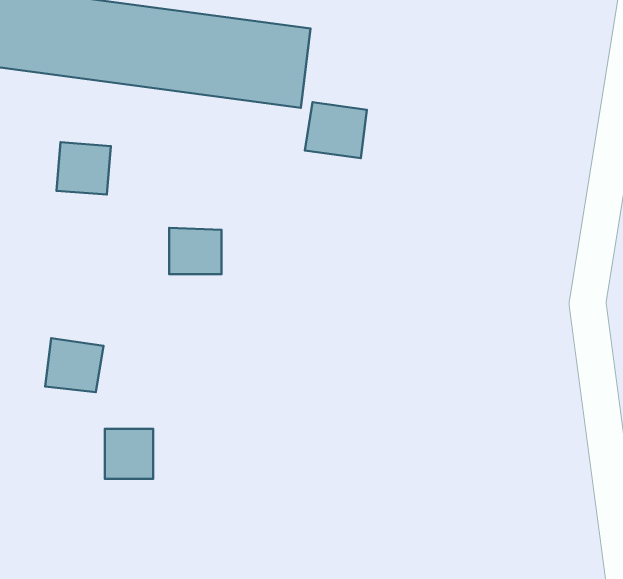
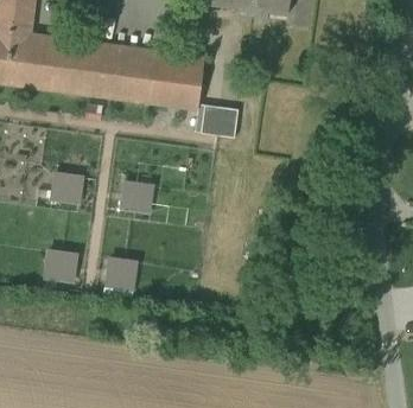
building: [57,142,111,195] -> [50,172,83,204]
building: [105,429,153,479] -> [106,259,135,289]

